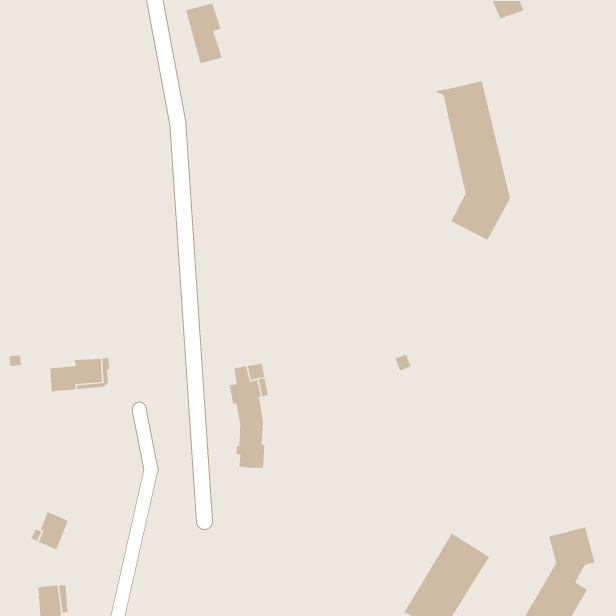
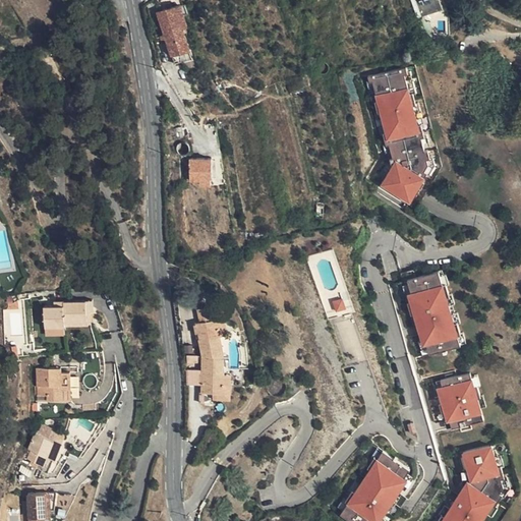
building: none -> [187,160,211,188]
building: none -> [407,271,460,355]
building: none -> [37,369,71,402]
building: none -> [435,374,482,430]

